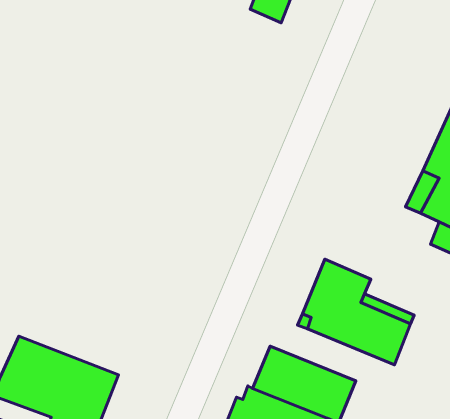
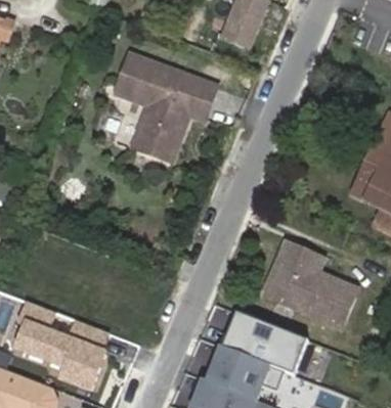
building: none -> [118,53,219,161]

